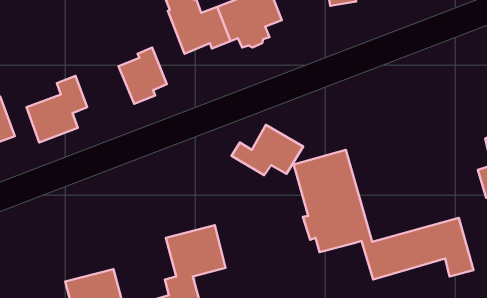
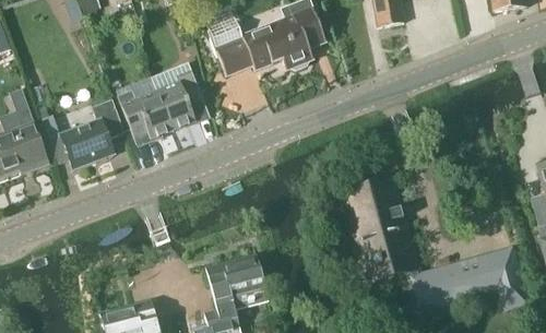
building: none -> [118,90,173,139]
building: [231,125,303,175] -> none

